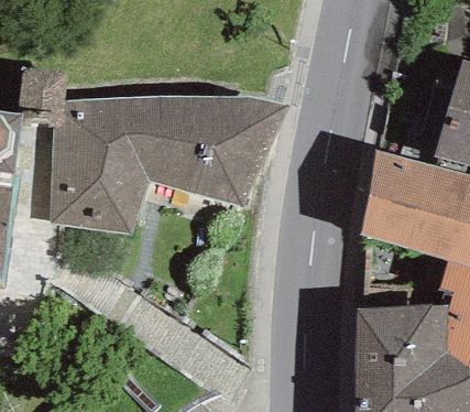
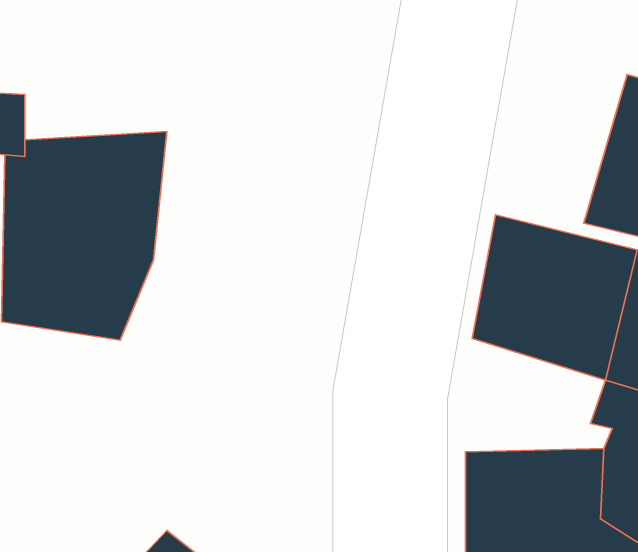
building: [149,95,283,208] -> none

